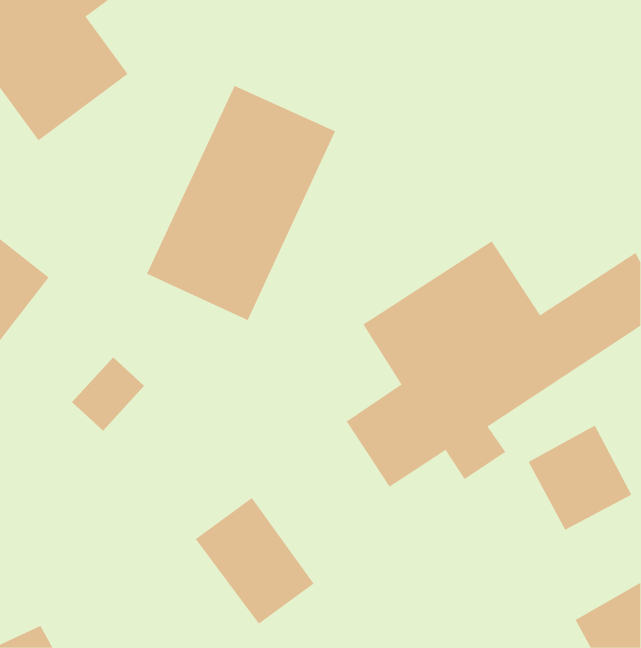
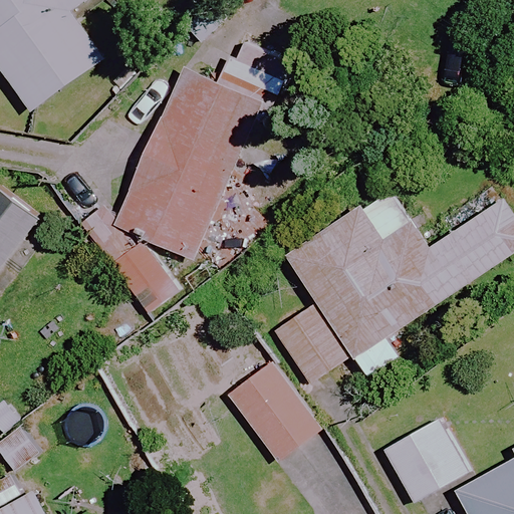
building: [528,425,632,531] -> [383,419,466,502]
building: [195,497,314,624] -> [226,361,320,462]

